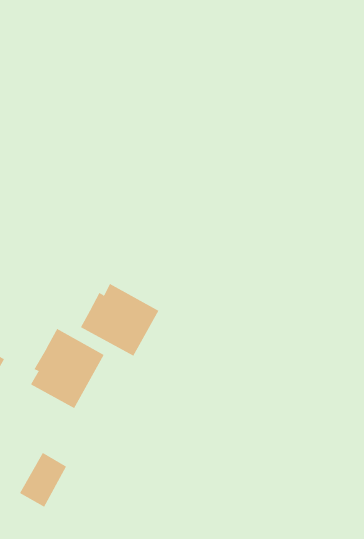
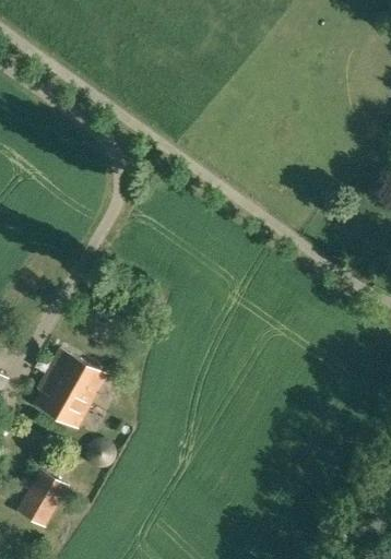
building: [80,283,159,357] -> none

